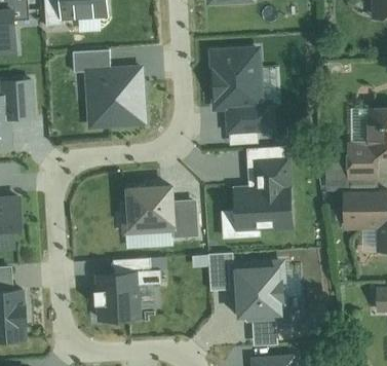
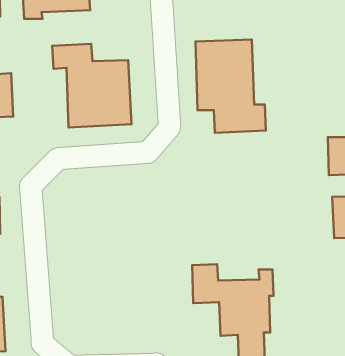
building: [235,156,297,232] -> none
building: [125,184,202,237] -> none
building: [95,269,145,323] -> none

